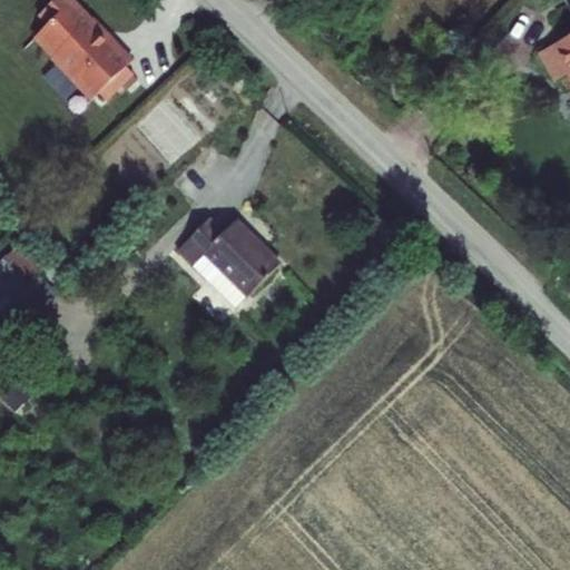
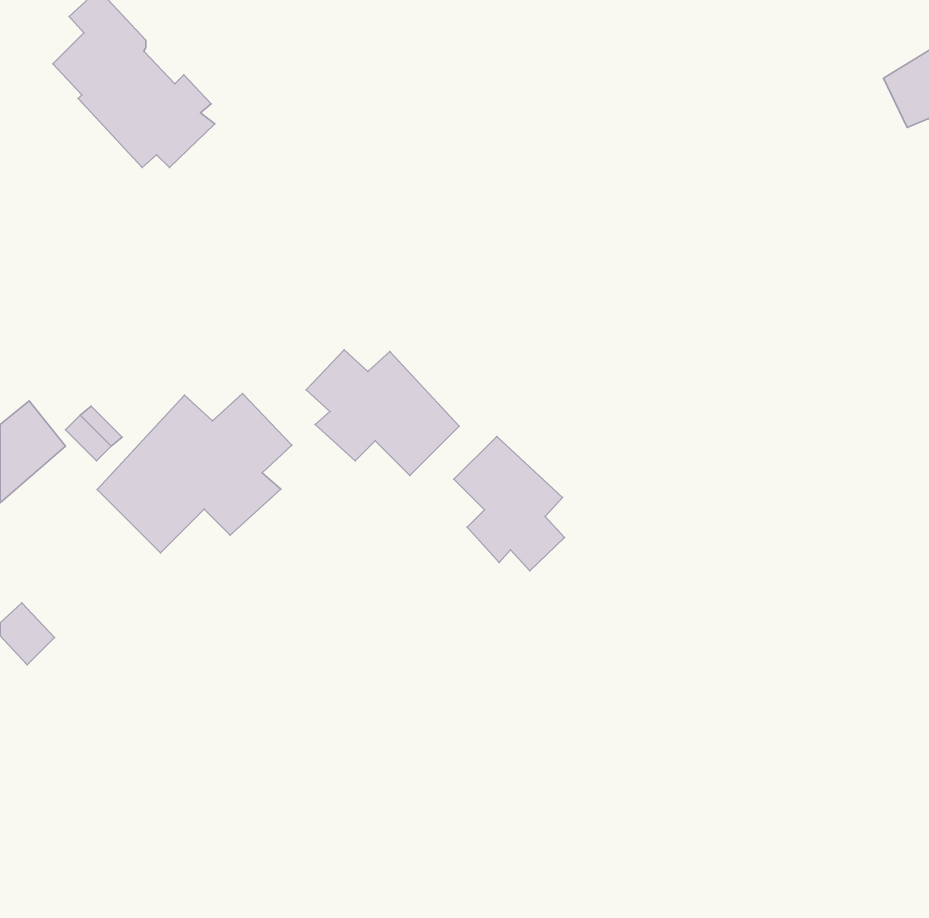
building: none -> [97,393,292,553]
building: none -> [454,436,565,571]

